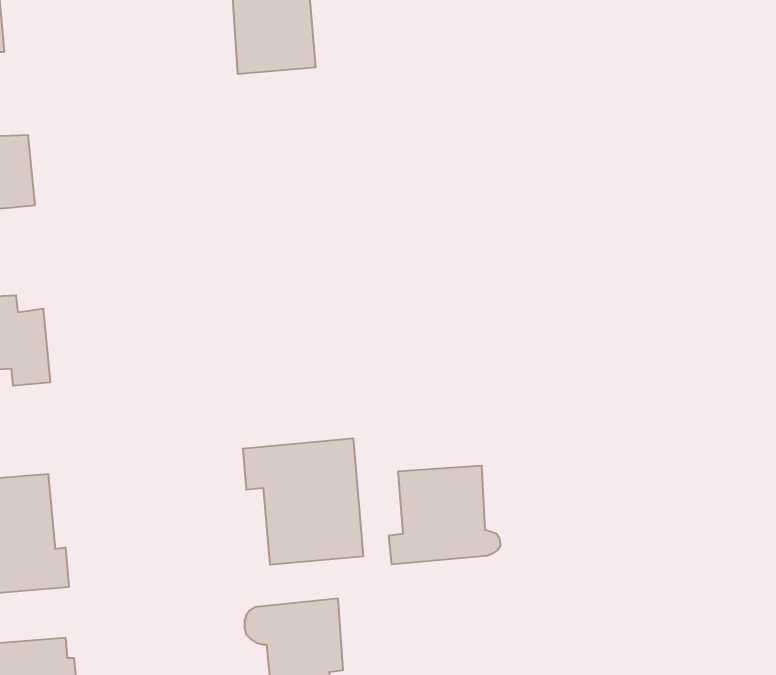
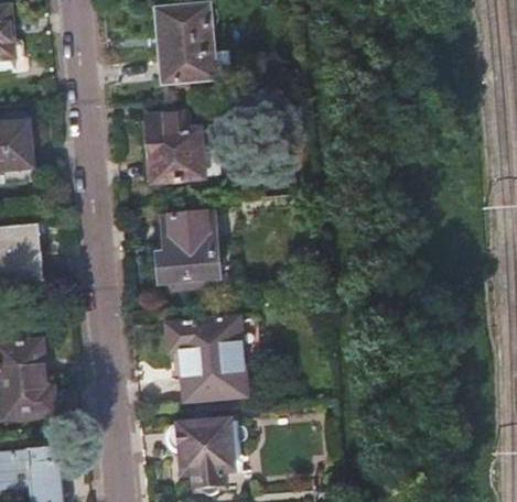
building: none -> [147,112,205,183]
building: none -> [160,214,216,281]
building: [389,466,500,564] -> none

